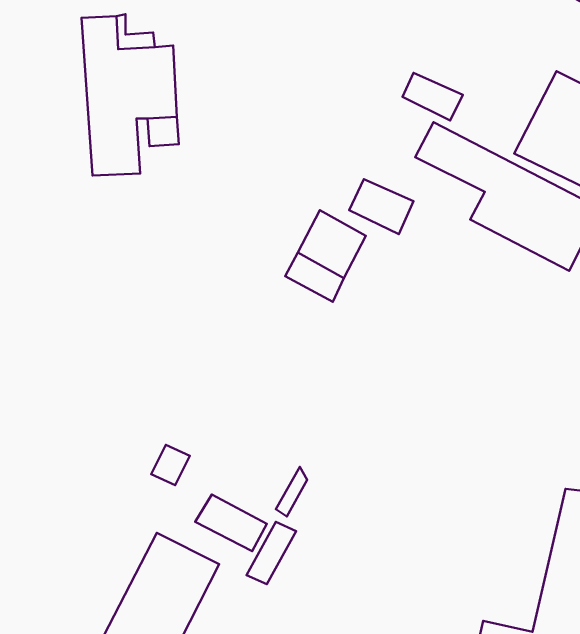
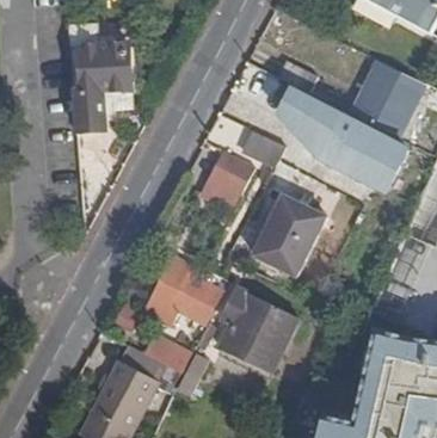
building: none -> [252,196,325,278]
building: none -> [142,253,221,327]
building: none -> [217,288,296,375]

